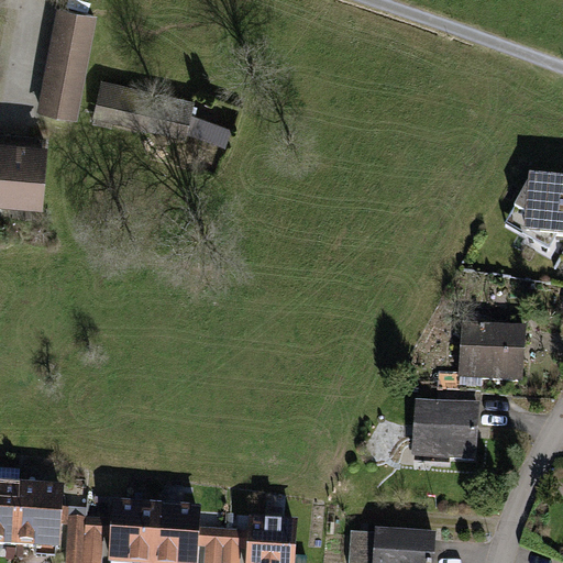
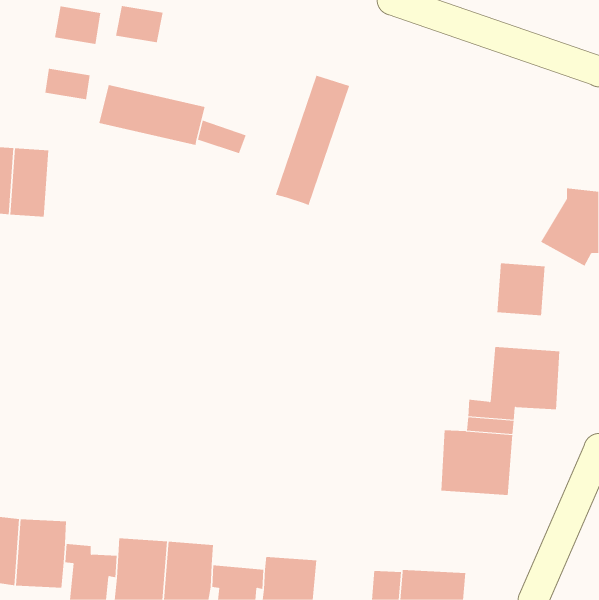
building: [45,35,90,70] -> [115,5,163,43]
building: none -> [275,75,350,206]
building: [37,87,81,118] -> none
building: none -> [497,263,545,316]

